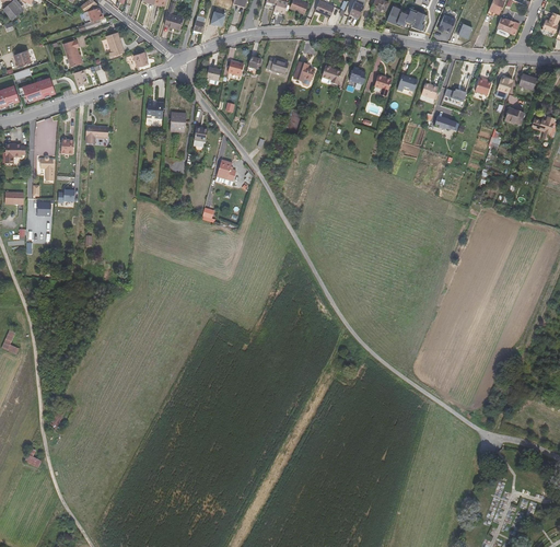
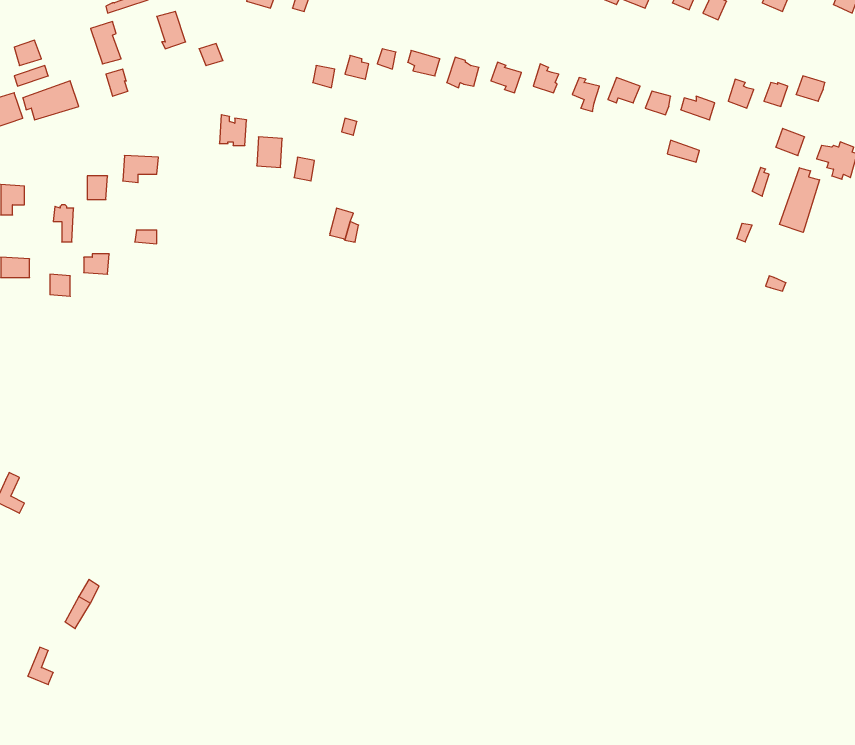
building: none -> [779,168,820,232]

